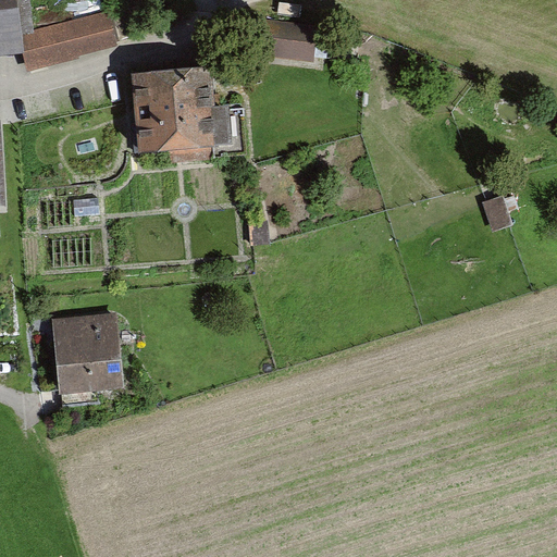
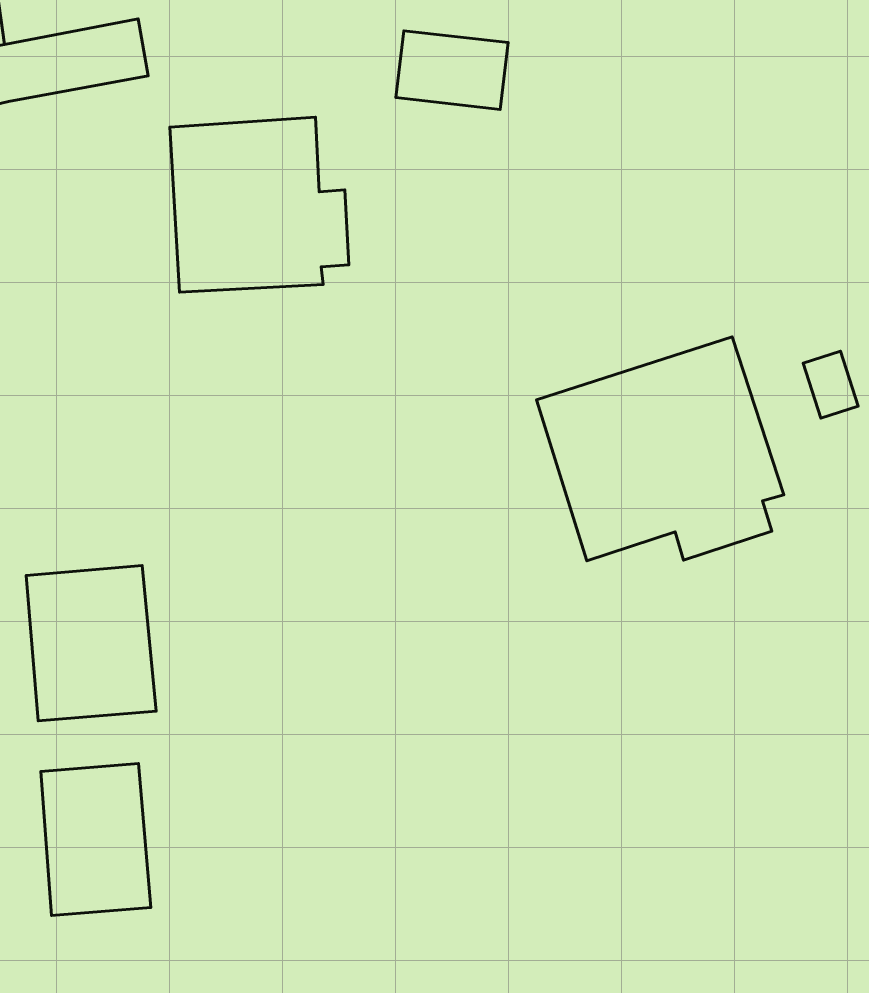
building: none -> [536,337,784,561]
building: none -> [41,764,151,916]

